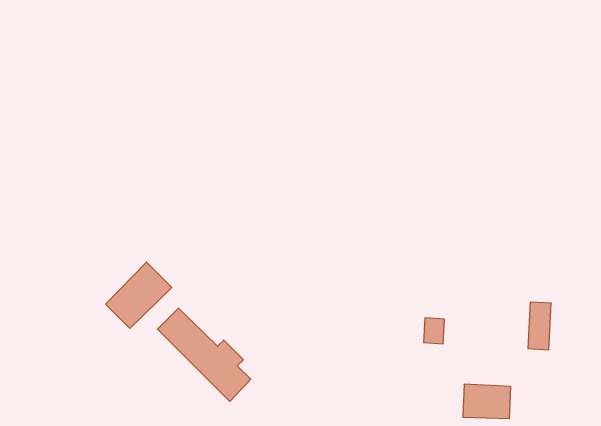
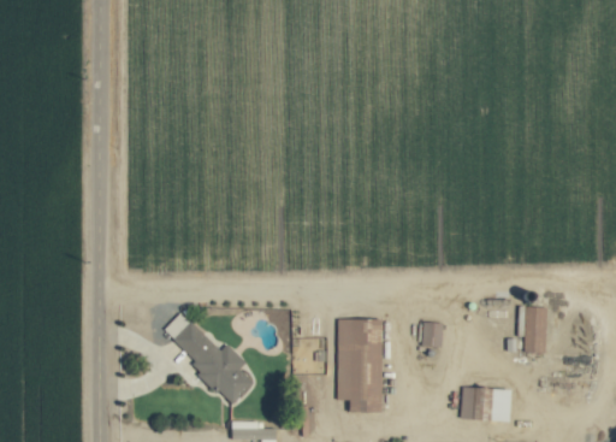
building: [106,262,172,328] -> none
building: none -> [338,319,381,412]

